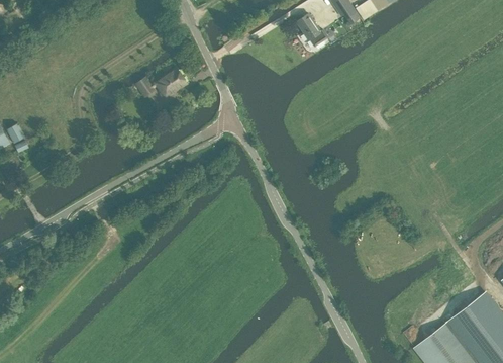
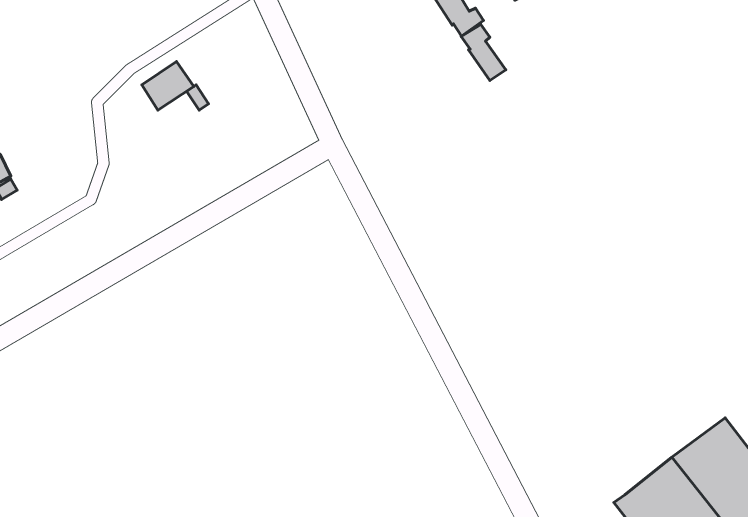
building: none -> [461,24,506,81]
building: [155,67,188,98] -> [142,61,194,110]

